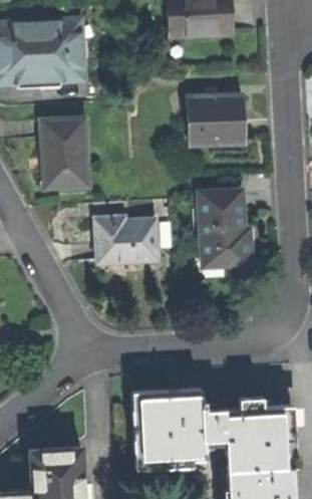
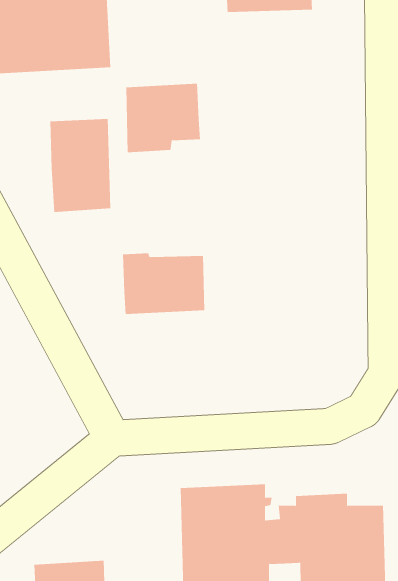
building: [188,94,244,147] -> [125,83,201,153]
building: [198,191,248,280] -> none

